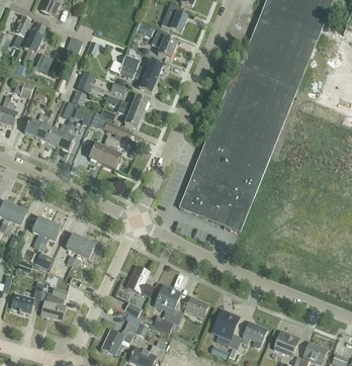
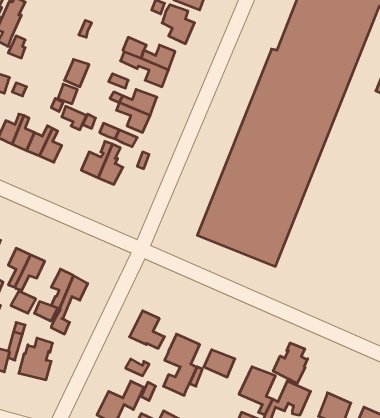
building: none -> [273,343,308,383]

